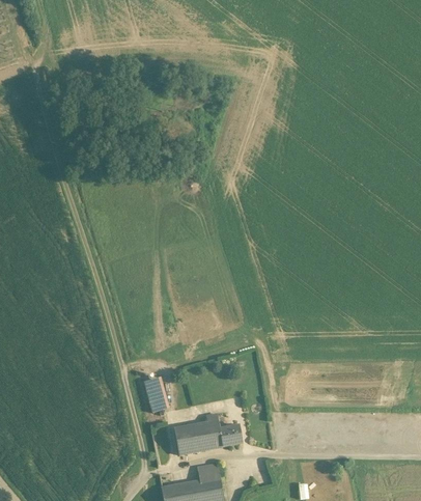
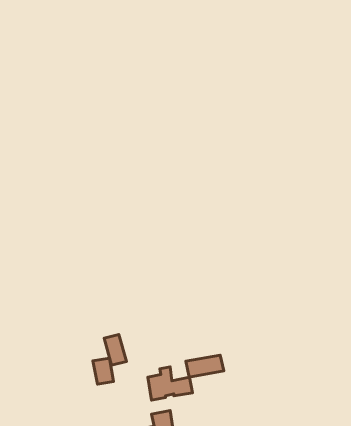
building: none -> [186,355,224,377]
building: [173,425,196,454] -> [93,358,113,384]

